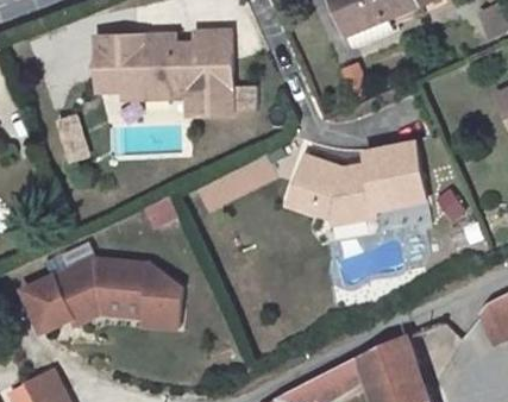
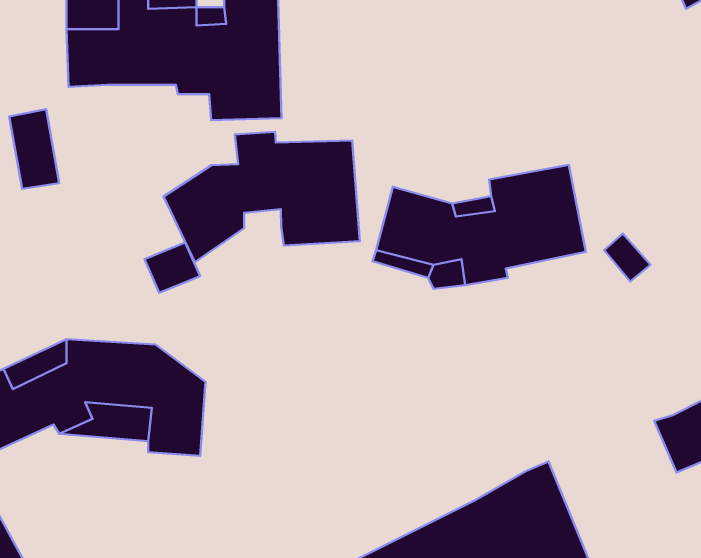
building: none -> [164,132,360,262]

